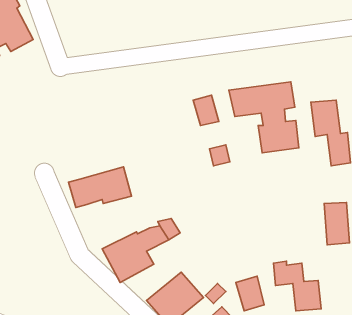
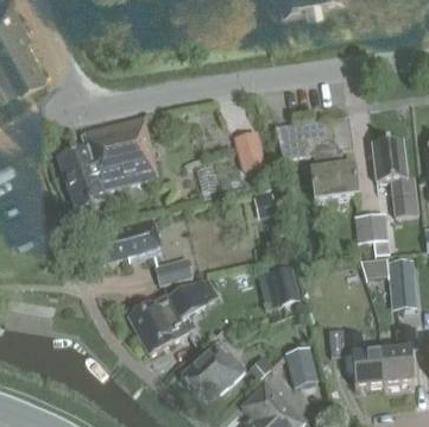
building: none -> [56,118,156,209]
building: none -> [353,212,389,255]
building: none -> [153,256,191,285]
building: none -> [270,265,299,303]
building: none -> [379,326,412,384]

